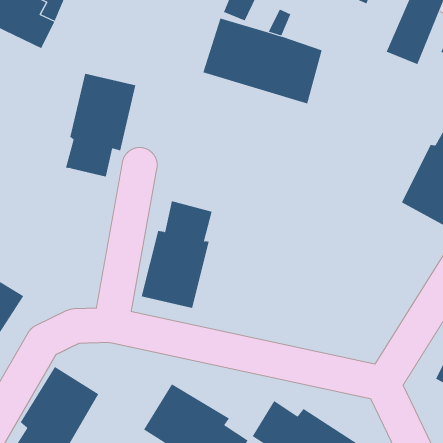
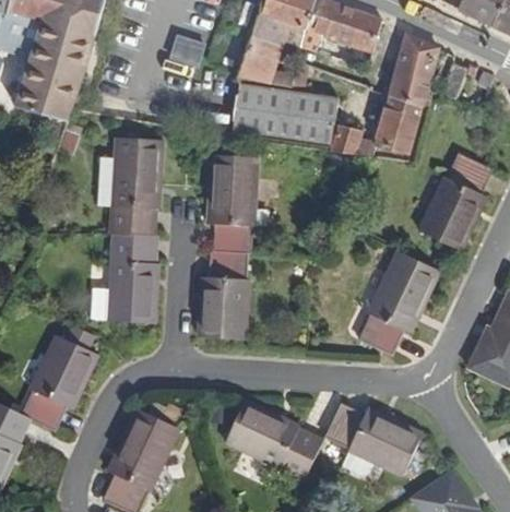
building: none -> [328,87,418,151]
building: none -> [213,160,266,252]
building: none -> [91,231,161,324]
building: none -> [372,243,444,341]

